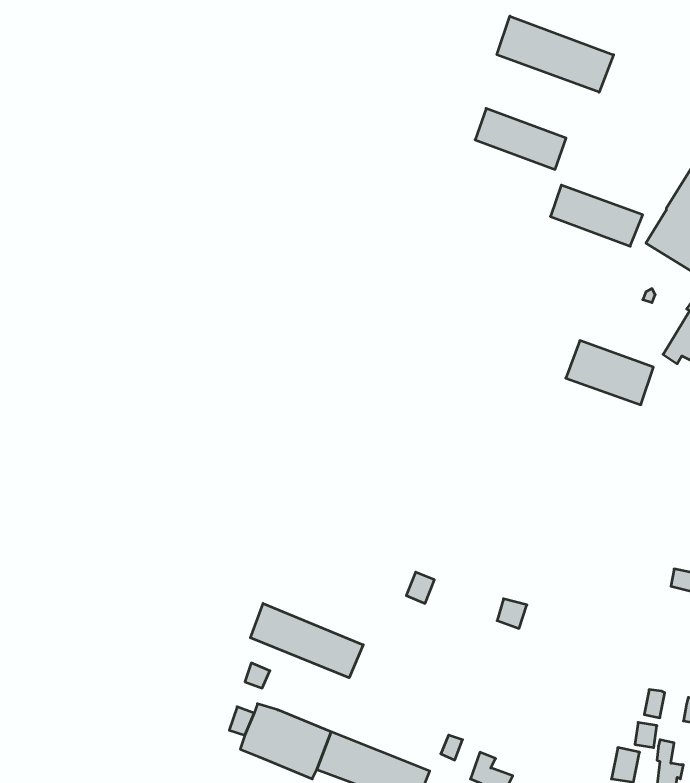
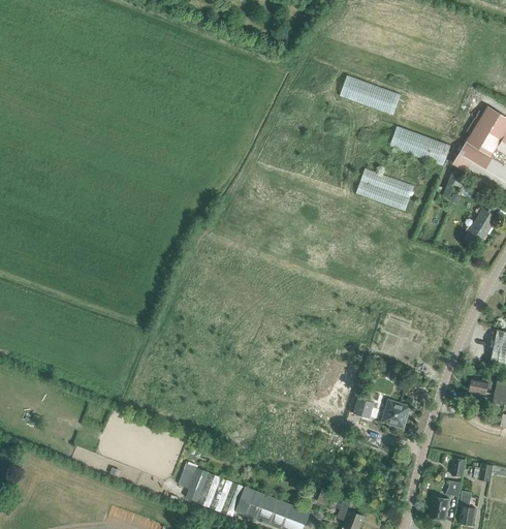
building: [497,16,614,92] -> none
building: [566,341,653,405] -> [355,168,413,211]
building: none -> [382,400,410,429]
building: [250,603,363,678] -> none

